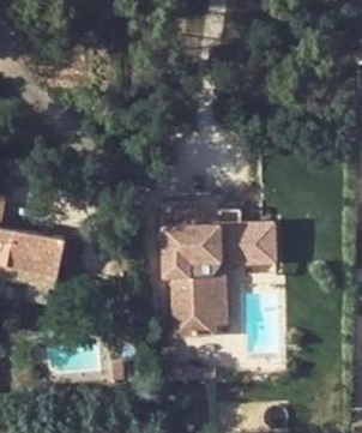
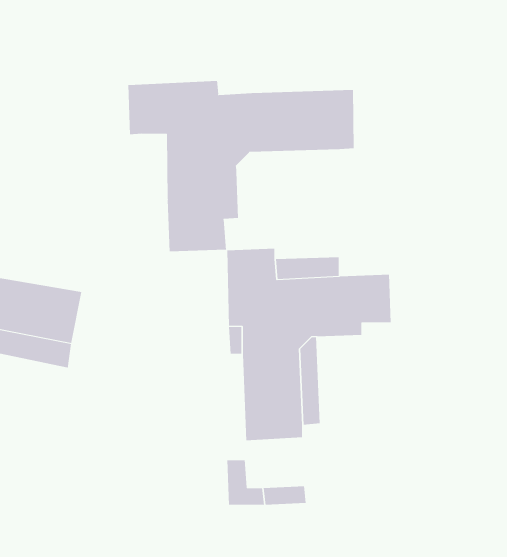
building: none -> [128,80,354,252]

